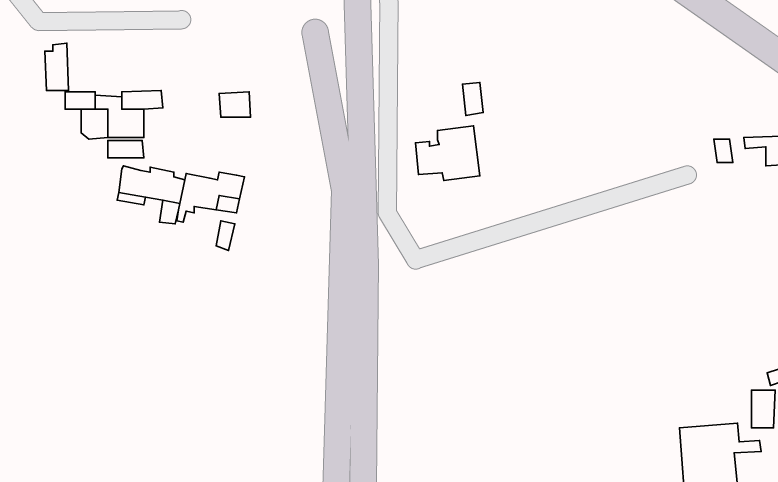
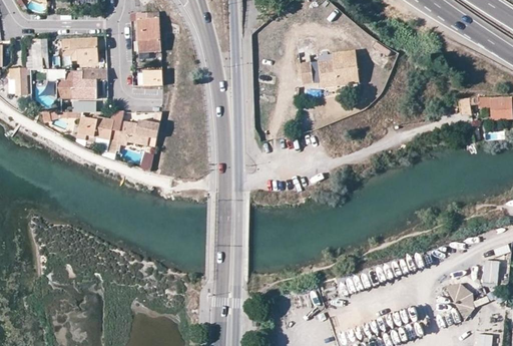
building: none -> [137,19,161,51]
building: none -> [62,39,96,63]
building: none -> [9,68,30,95]
building: [415,126,480,181] -> [318,51,359,86]

